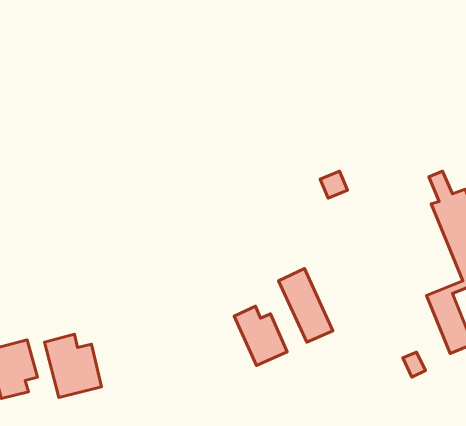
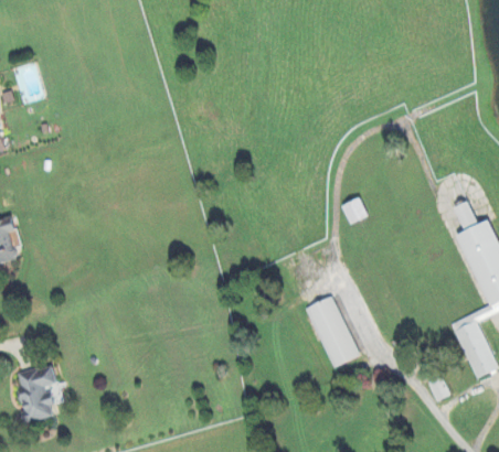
building: [234,306,287,365] -> none
building: [45,334,102,397] -> none

